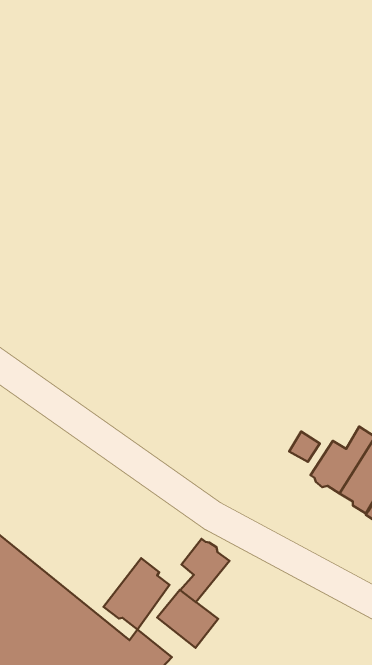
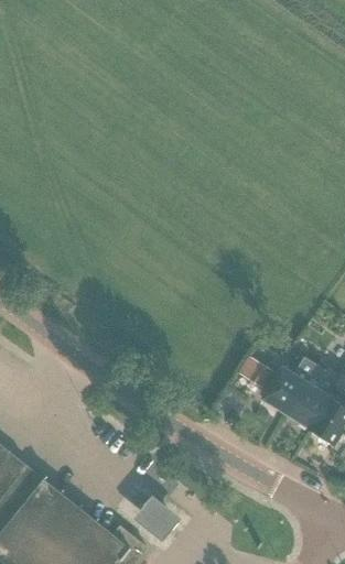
building: [180,539,229,602] -> none
building: [104,558,169,629] -> none

